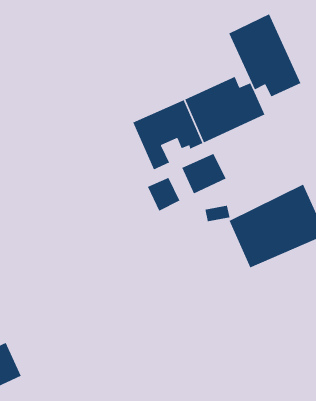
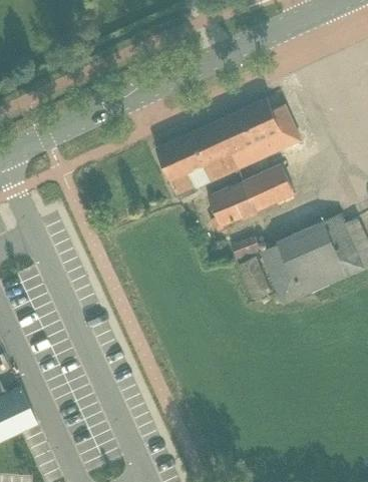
building: [228,13,301,97] -> none
building: none -> [246,169,291,208]
building: [147,177,181,212] -> none

